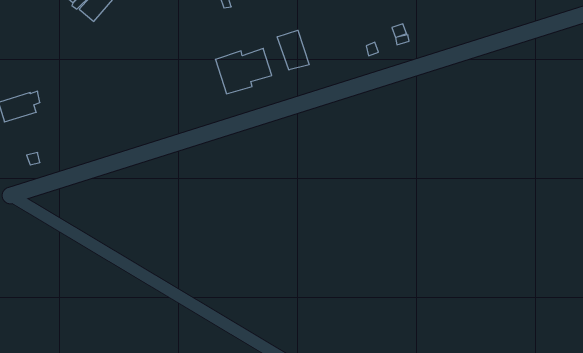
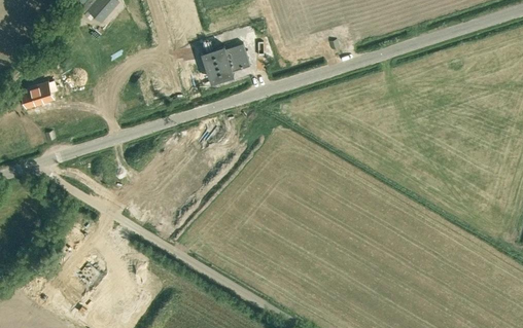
building: [277,30,309,70] -> none

